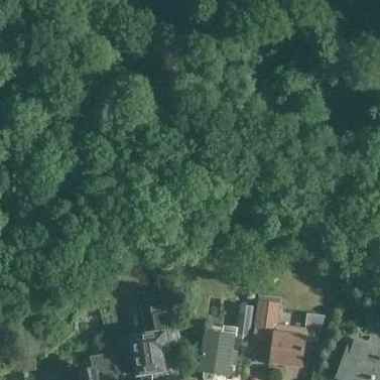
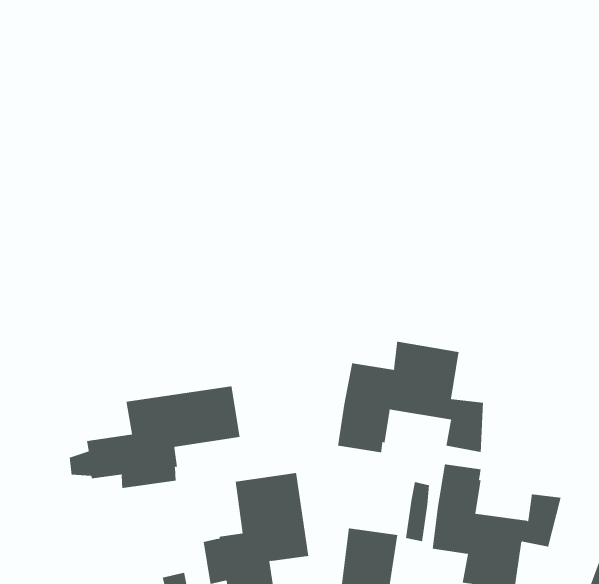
building: none -> [338,341,483,453]
building: none -> [69,385,240,489]

